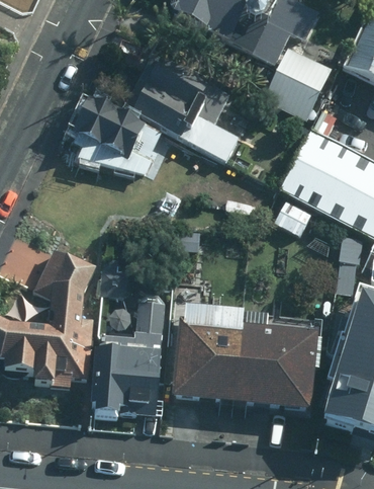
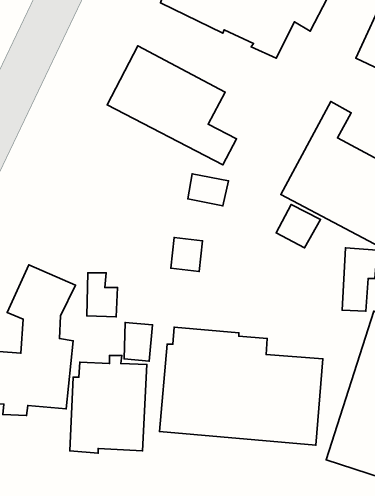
building: [262,47,332,118] -> none
building: [67,94,163,175] -> none

